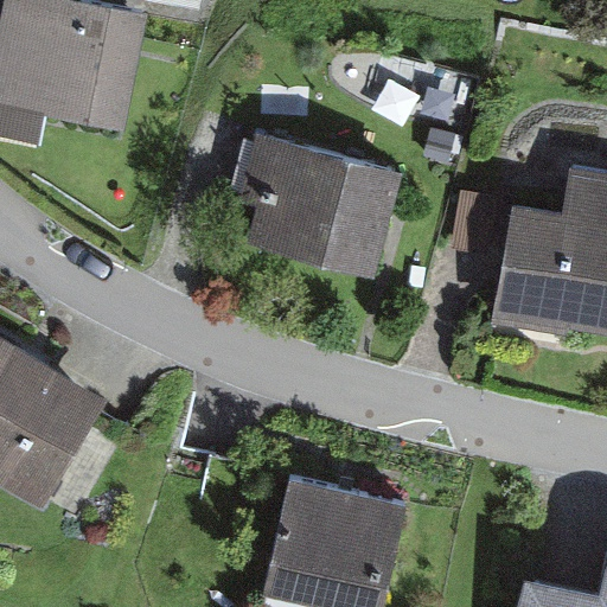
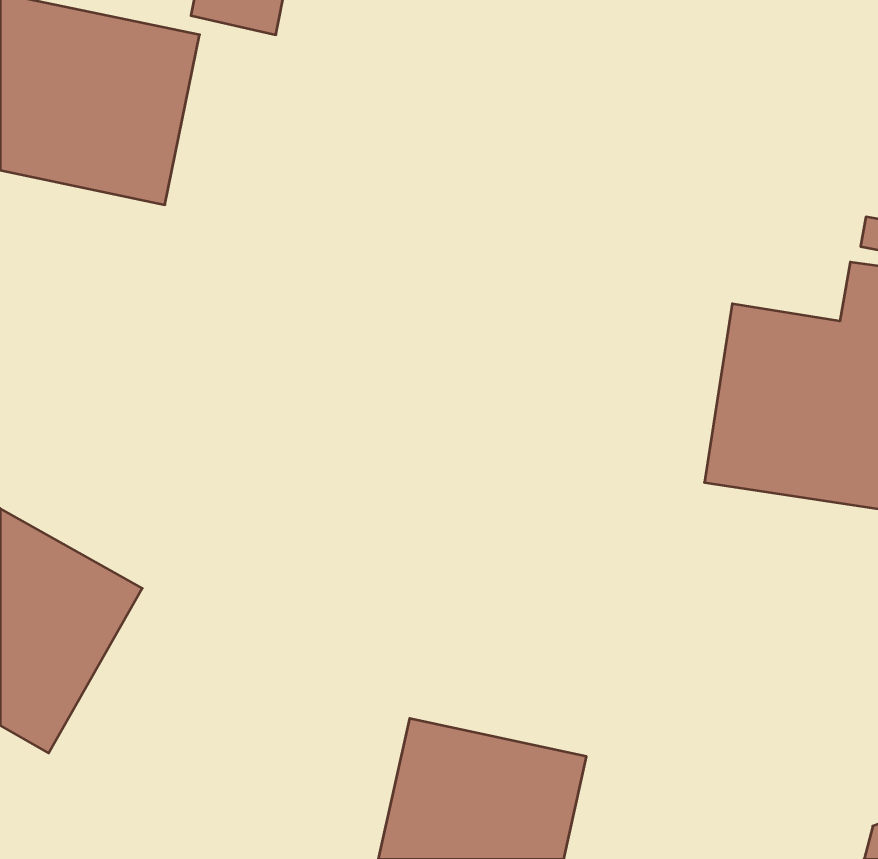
building: [234,141,394,286] -> none

